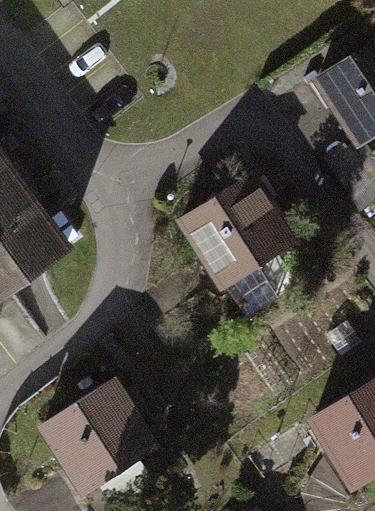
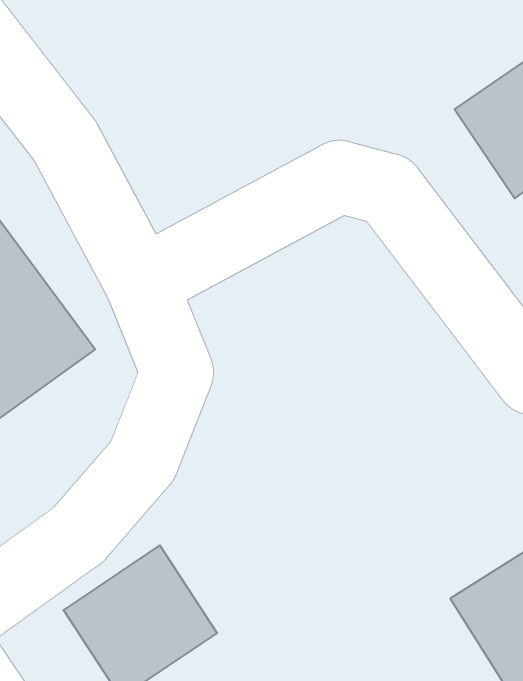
building: [183,178,298,321] -> none

